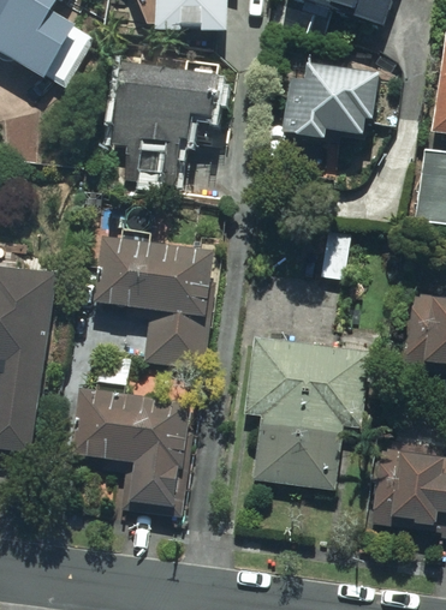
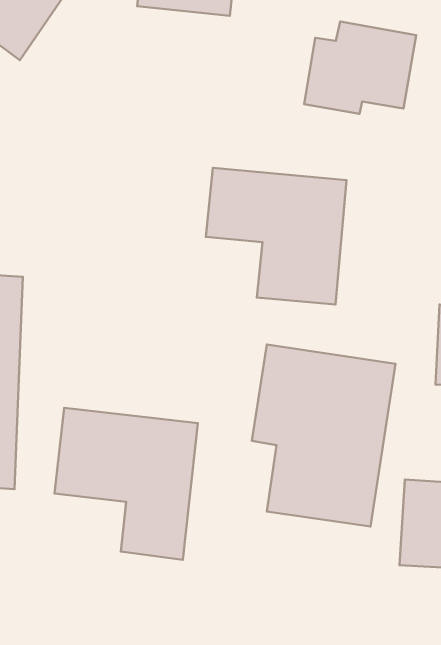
building: [120,53,225,172] -> none
building: [101,246,224,365] -> [206,168,347,304]

